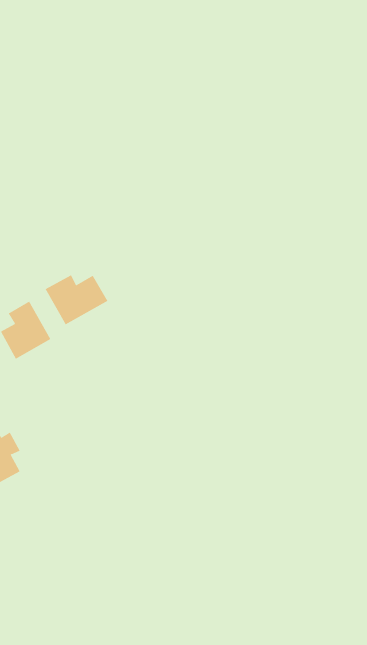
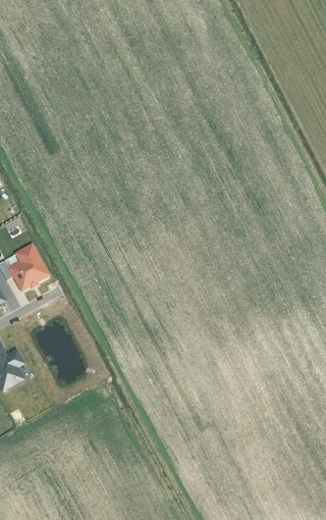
building: [45,274,108,325] -> none

